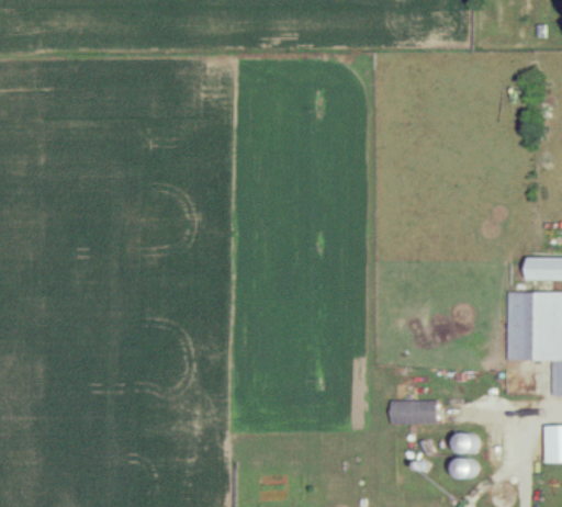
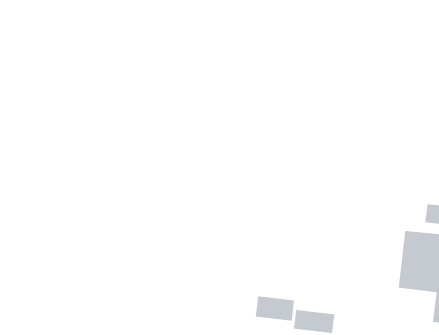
building: none -> [255,295,295,321]

